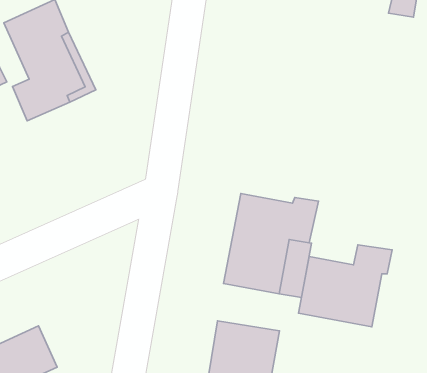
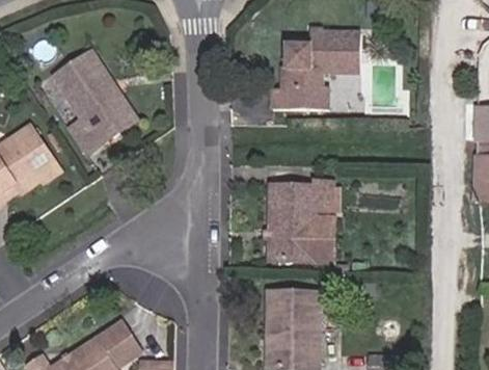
building: none -> [271,30,359,108]
building: [298,245,392,327] -> none

